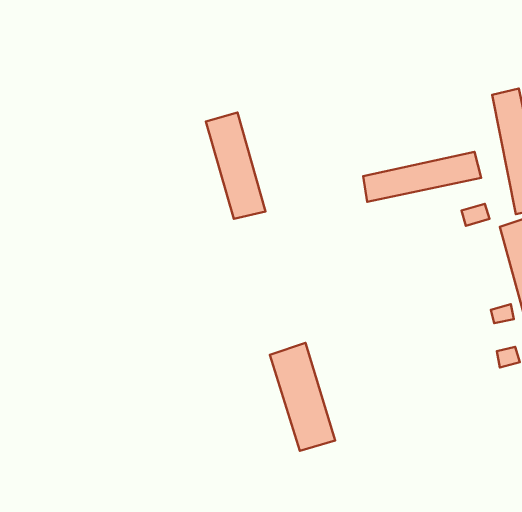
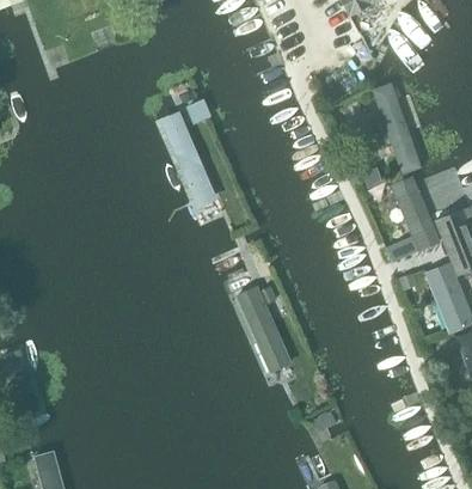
building: [363,152,481,202] -> none

